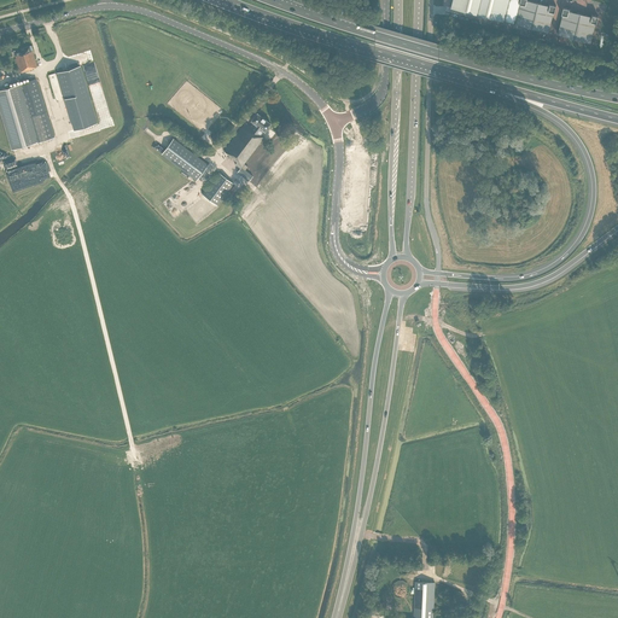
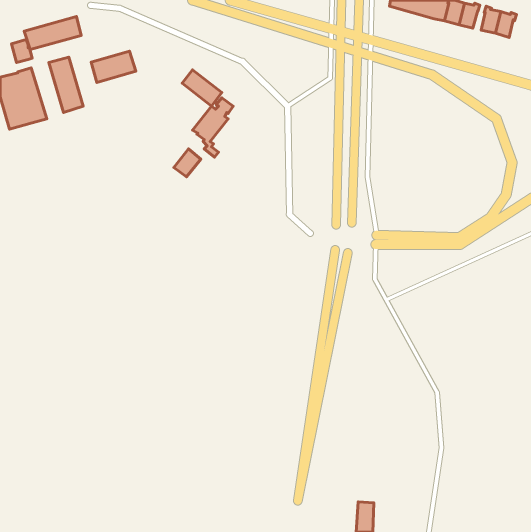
building: none -> [24,17,81,50]
building: none -> [91,51,136,83]
building: [163,139,209,181] -> [182,70,222,106]

